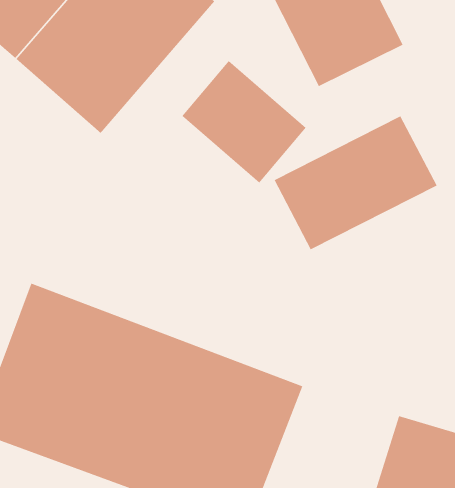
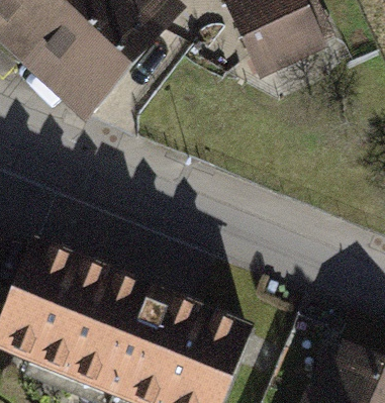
building: [181,60,306,183] -> none
building: [274,116,437,250] -> none

